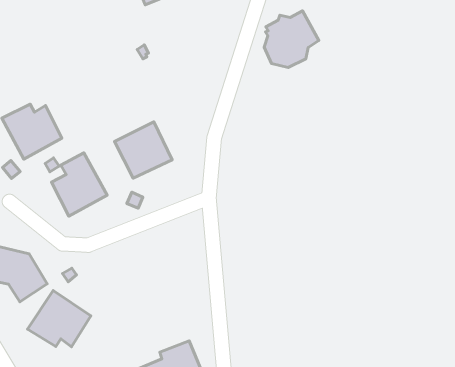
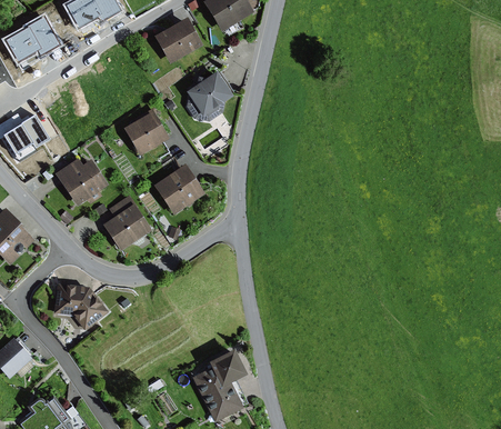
building: [264,11,319,68] -> [187,70,233,120]
building: none -> [123,111,168,153]
building: [27,290,91,347] -> none

